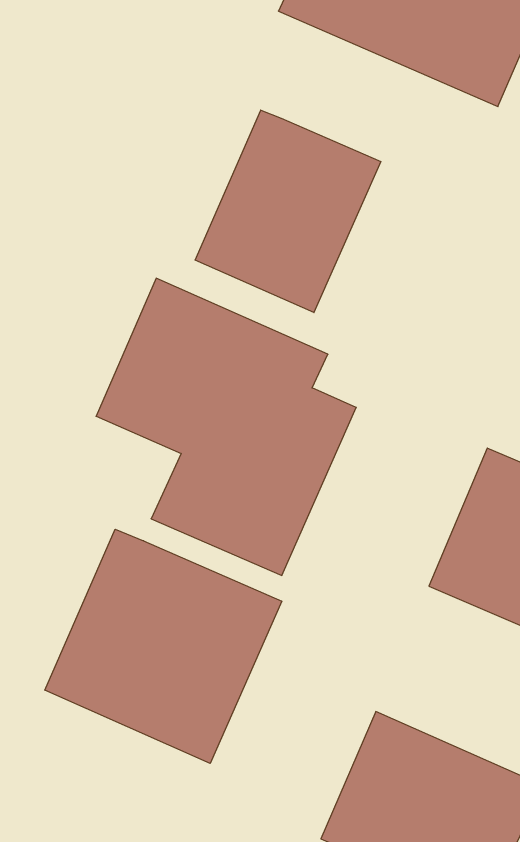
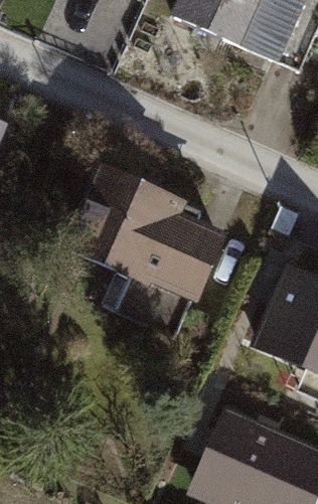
building: [195,110,381,313] -> none
building: [45,529,282,763] -> none

